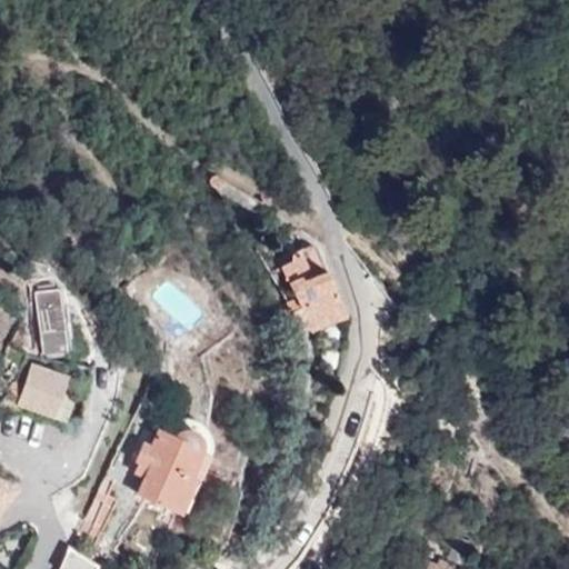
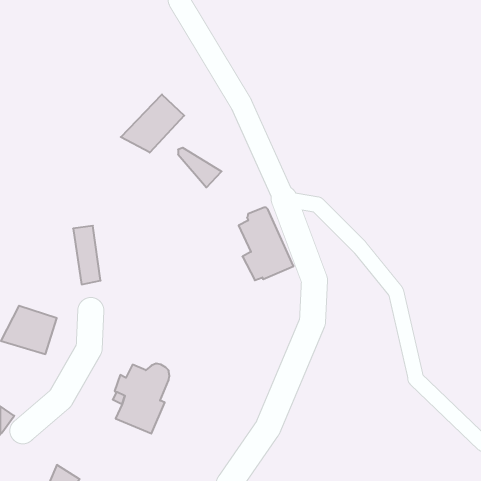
building: none -> [121,94,184,153]
building: [36,288,68,357] -> [73,226,101,284]

